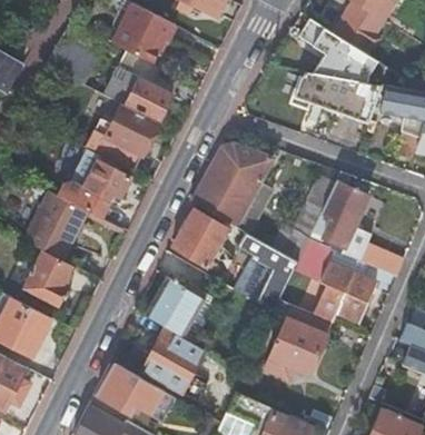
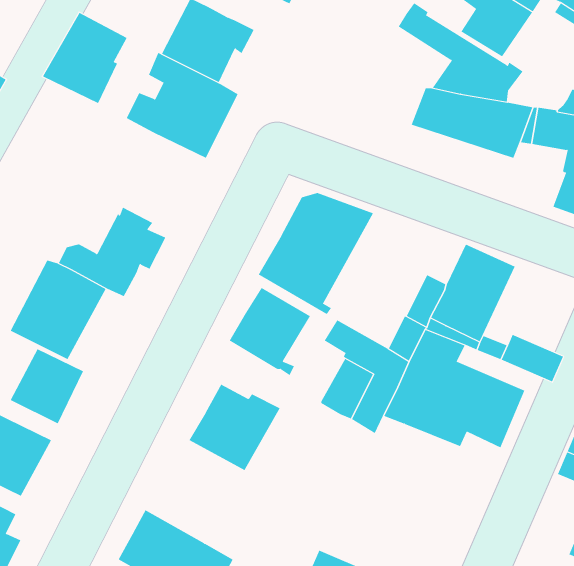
building: [85,103,158,171] -> none
building: [266,305,334,379] -> none
building: [144,330,205,393] -> none

